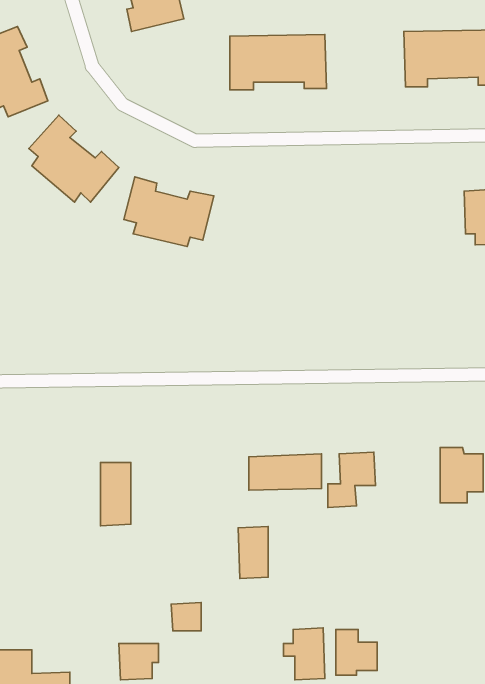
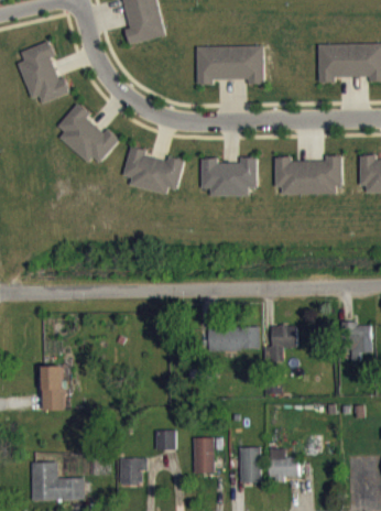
building: none -> [274,153,341,193]
building: none -> [200,154,258,194]
building: [101,463,131,526] -> [43,377,64,421]
building: [238,526,268,579] -> [194,447,215,483]

